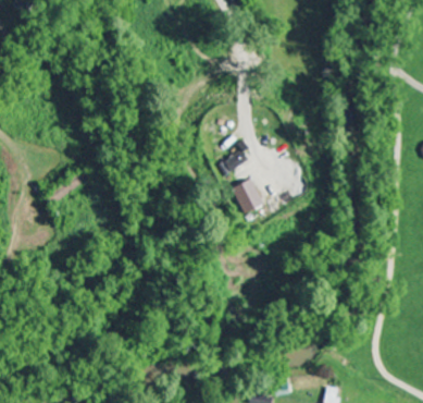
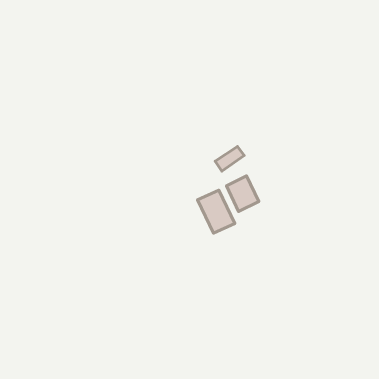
building: none -> [198,190,235,233]

